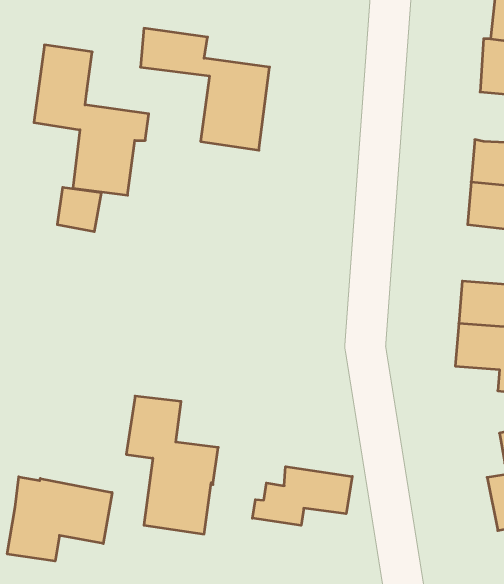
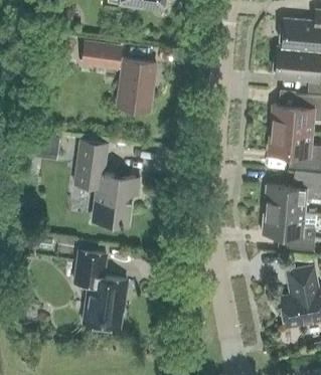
building: [34,45,149,195] -> [74,140,140,225]
building: [252,467,352,525] -> none
building: [7,477,112,561] -> none

